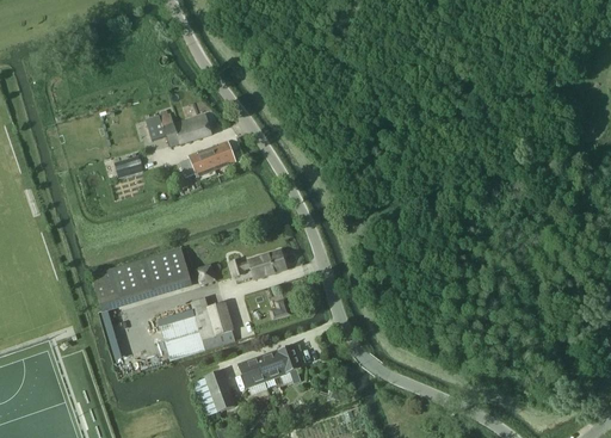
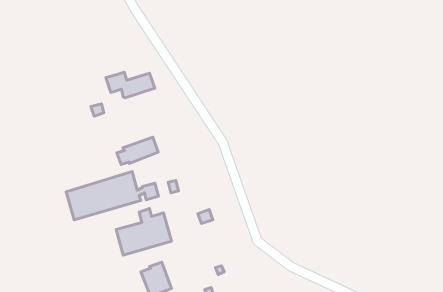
building: [180,138,236,175] -> [117,137,158,164]
building: [248,249,286,277] -> none
building: [240,343,301,385] -> none

